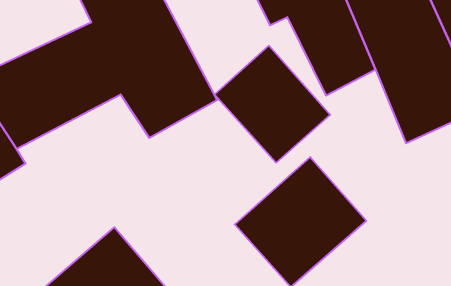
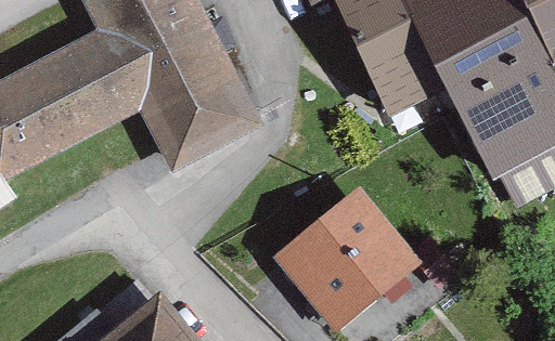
building: [215,46,330,163] -> none

